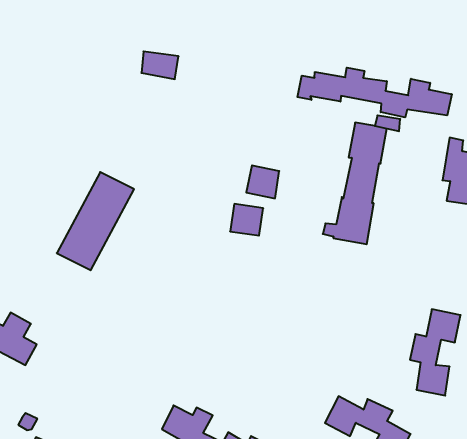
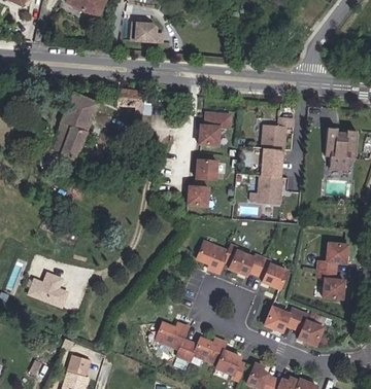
building: [297,68,452,117] -> none
building: none -> [200,113,232,145]
building: [57,172,134,270] -> [49,94,97,160]
building: none -> [196,242,286,289]

